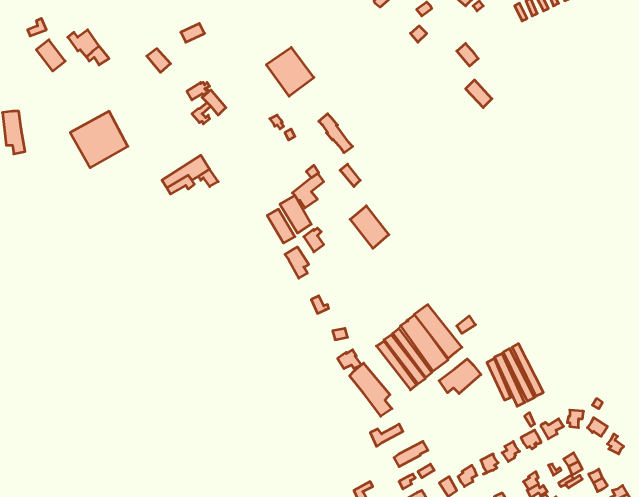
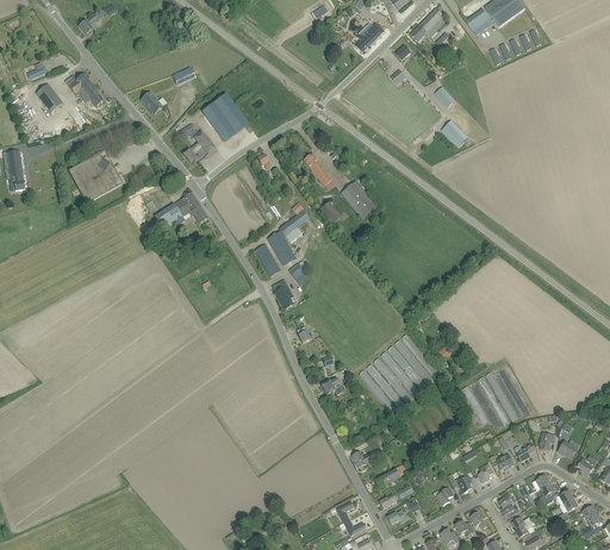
building: [266,47,314,96] -> [201,94,247,140]
building: [350,206,389,248] -> [340,179,376,219]
building: [439,359,481,394] -> none
building: [350,363,392,416] -> none

